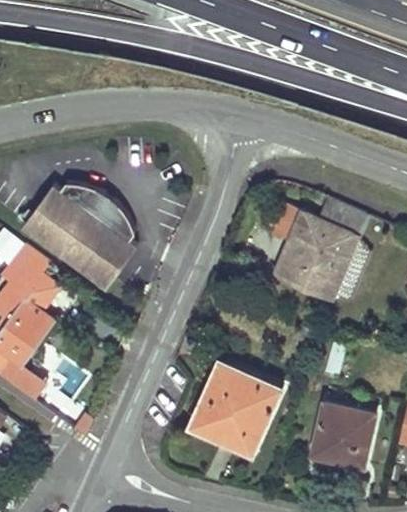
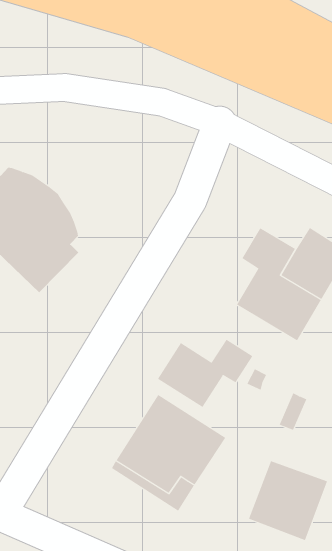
building: none -> [157,339,253,408]

